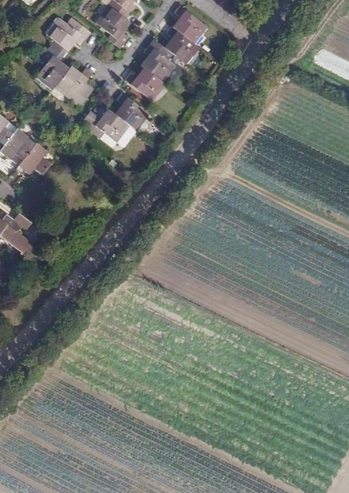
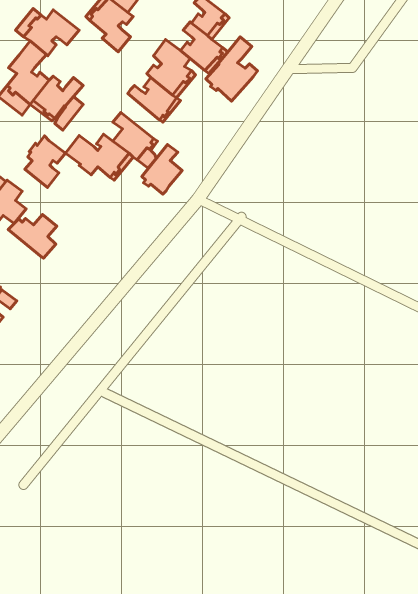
building: none -> [206,37,257,101]
building: none -> [25,136,65,187]
building: none -> [142,144,182,194]
building: none -> [8,215,57,258]

